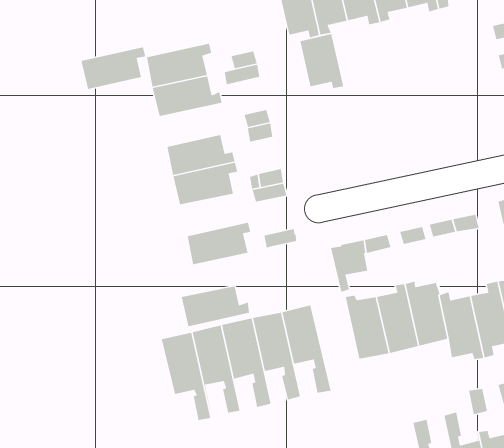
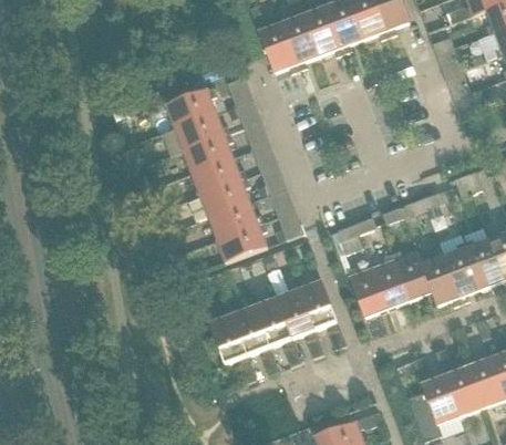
building: [300,33,344,89] -> none
building: [80,47,146,90] -> [183,132,234,172]
building: [181,286,250,327] -> [208,201,264,239]

